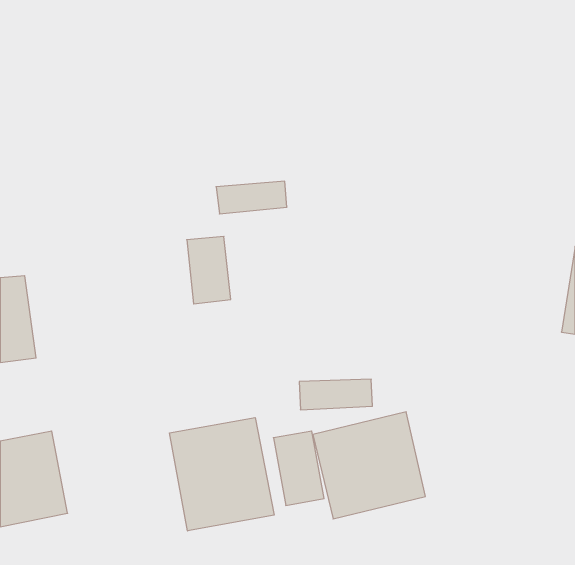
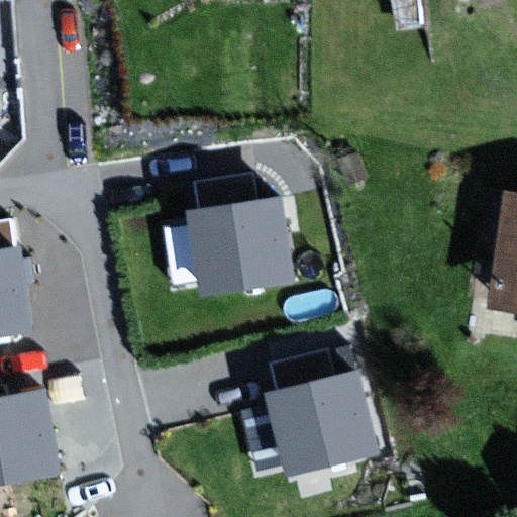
building: none -> [203,206,297,293]
building: [170,418,274,531] -> none

